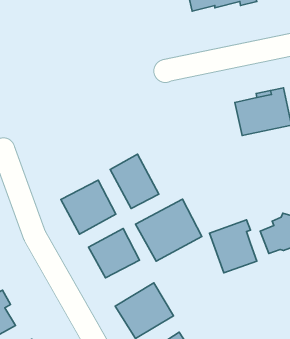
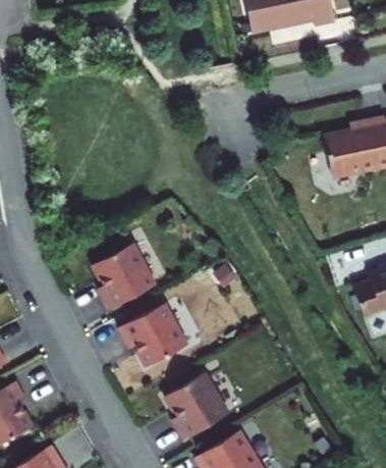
building: [110,154,159,208] -> none
building: [136,199,202,261] -> none
building: [210,220,257,273] -> none

